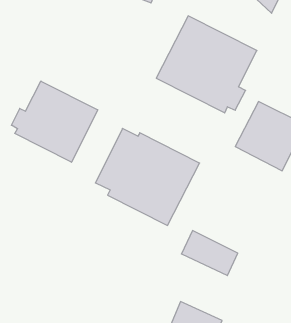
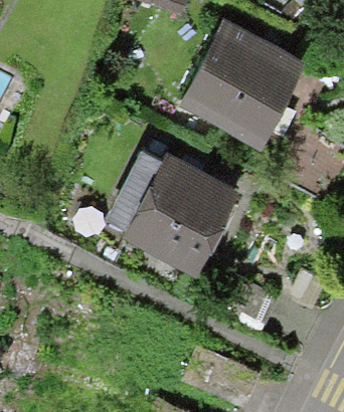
building: [11,81,98,162] -> none

